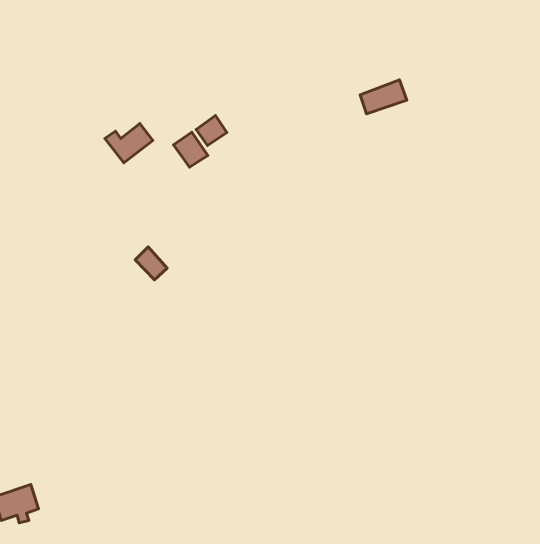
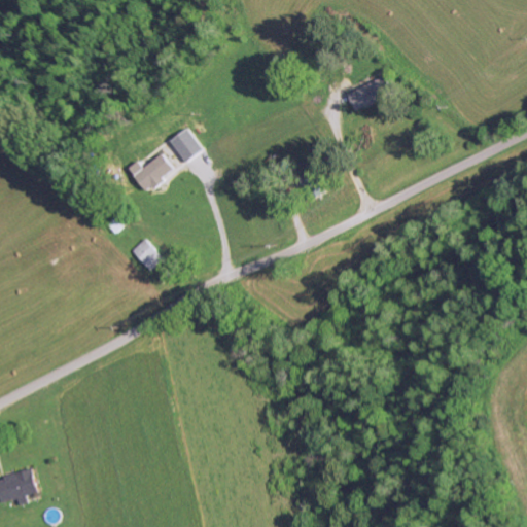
building: [196,115,227,145] -> none
building: [105,124,153,163] -> [126,153,172,191]

